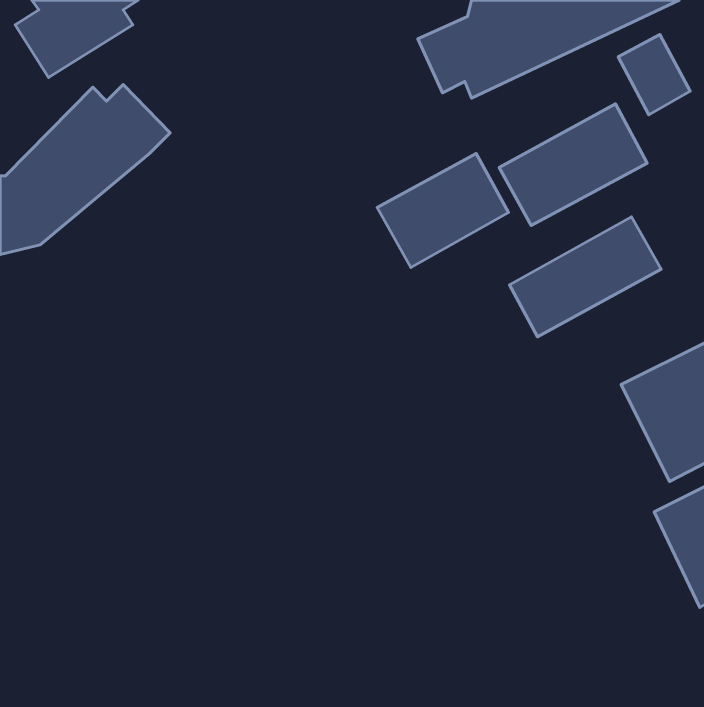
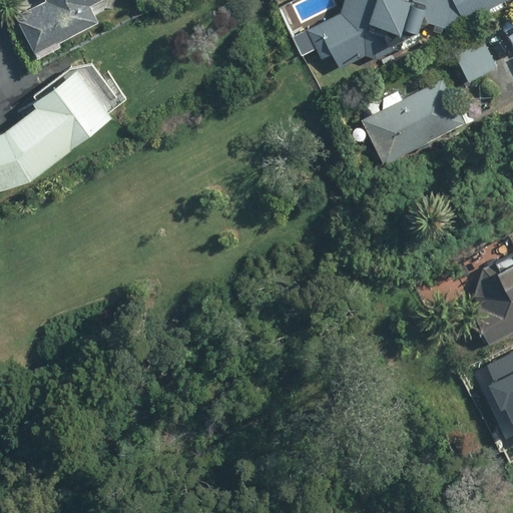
building: [377,153,508,268] -> none
building: [509,217,661,337] -> none

